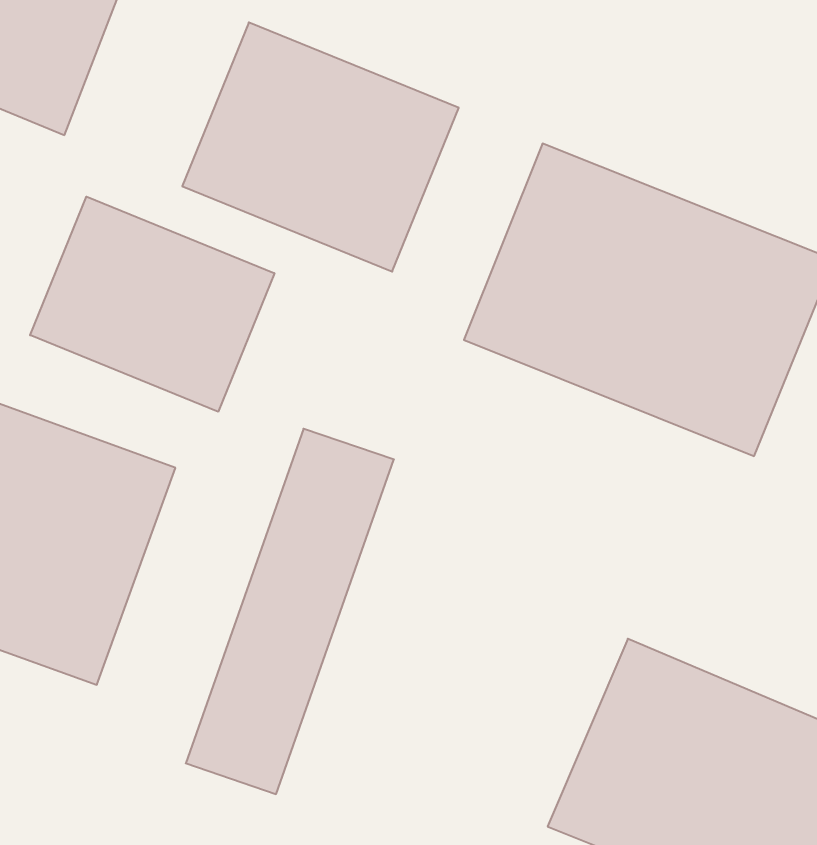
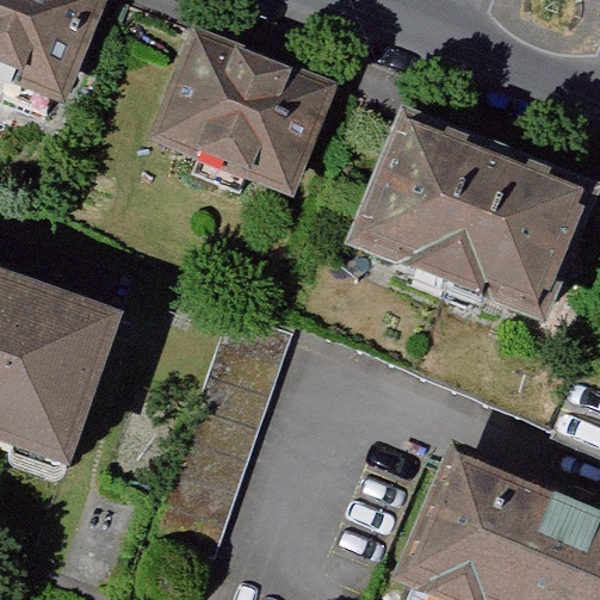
building: [30,197,274,412] -> none

